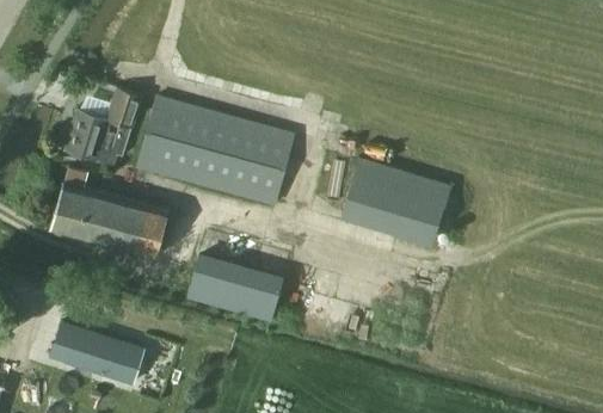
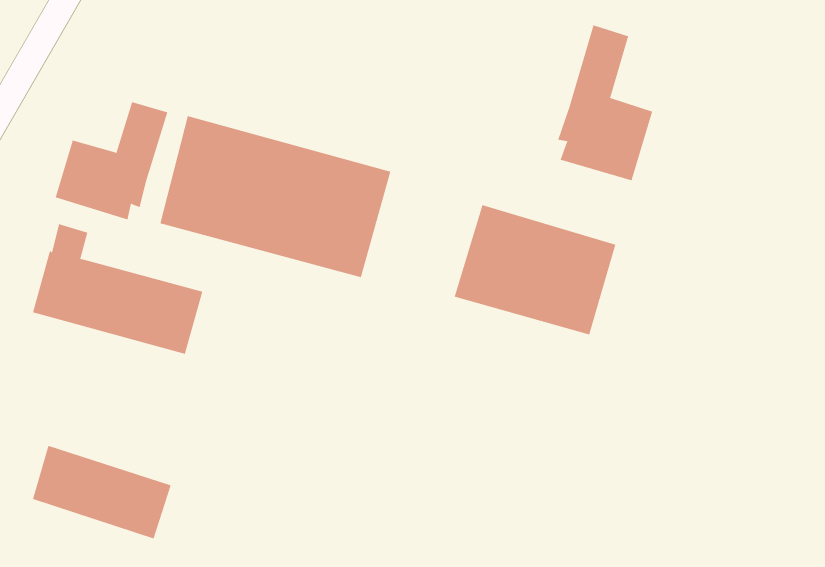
building: none -> [558,24,653,181]
building: [186,253,284,320] -> none

